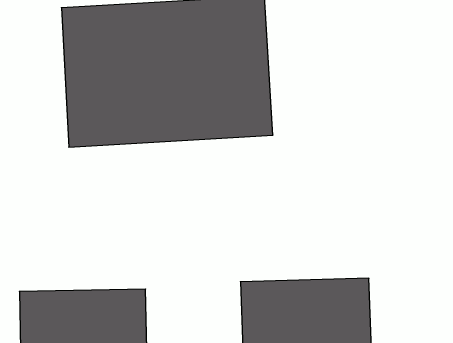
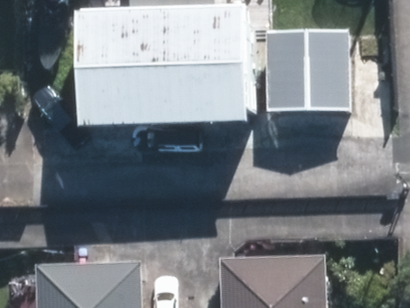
building: none -> [259,30,344,114]

